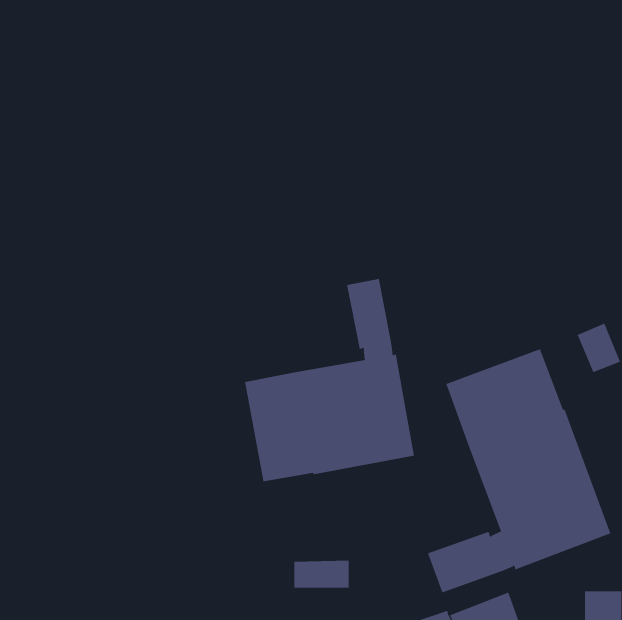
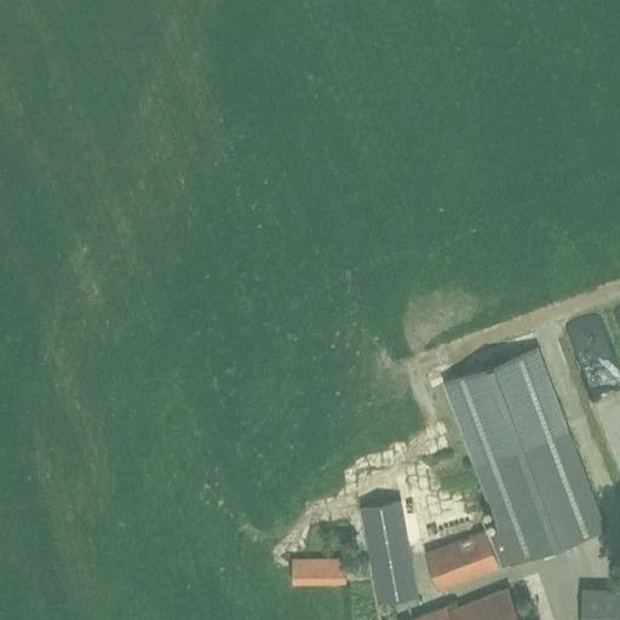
building: [245,278,414,482] -> none
building: none -> [360,503,419,607]

